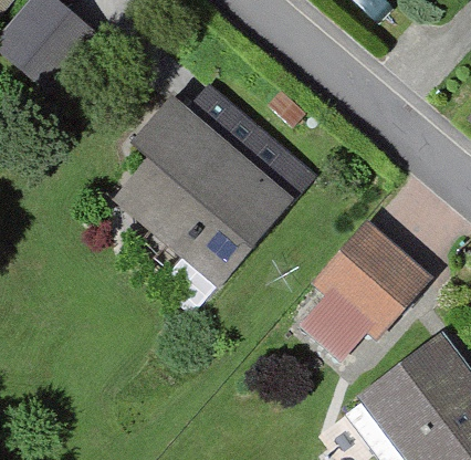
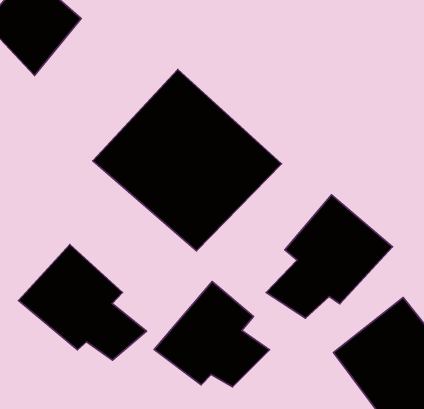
building: none -> [19,244,147,360]
building: none -> [154,281,270,387]

